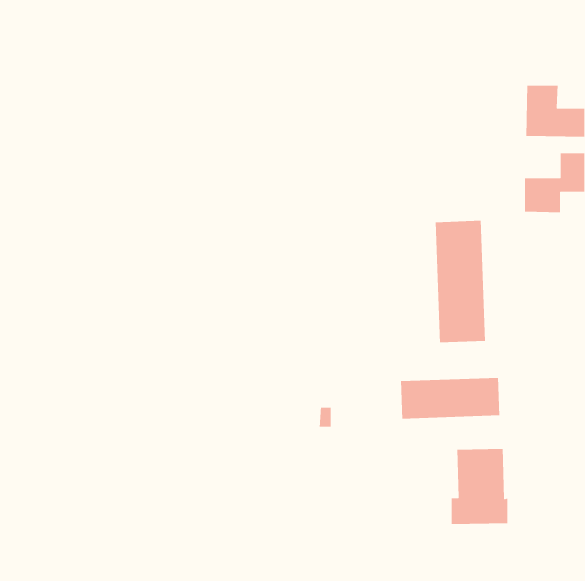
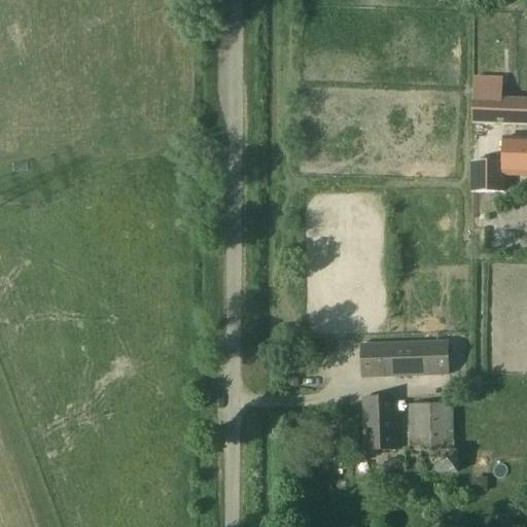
building: [435,220,486,343] -> none
building: none -> [361,394,398,450]

